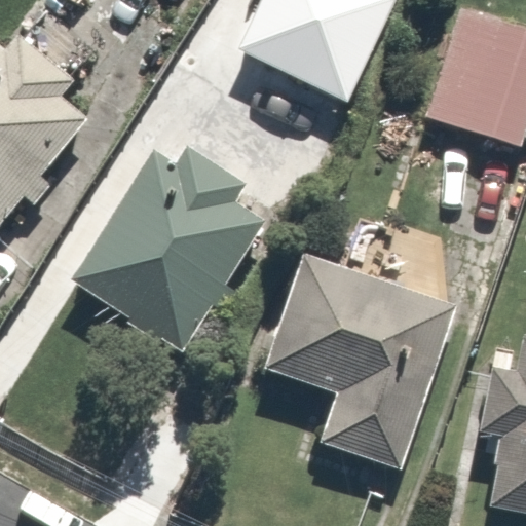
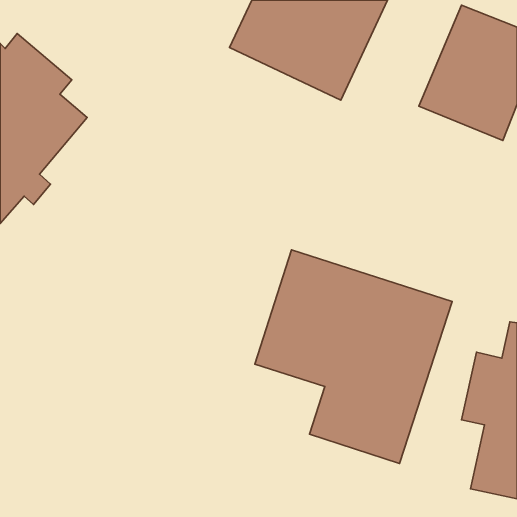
building: [73,146,264,352] -> none

